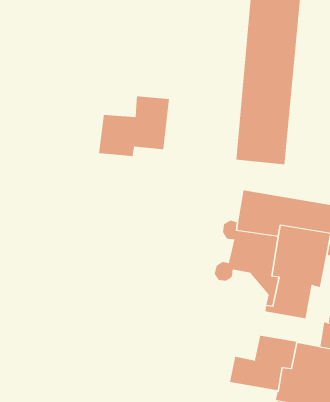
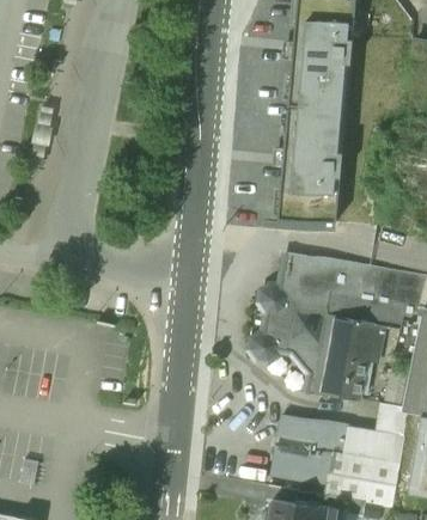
building: [99,96,169,157] -> none
building: none -> [276,414,305,447]

